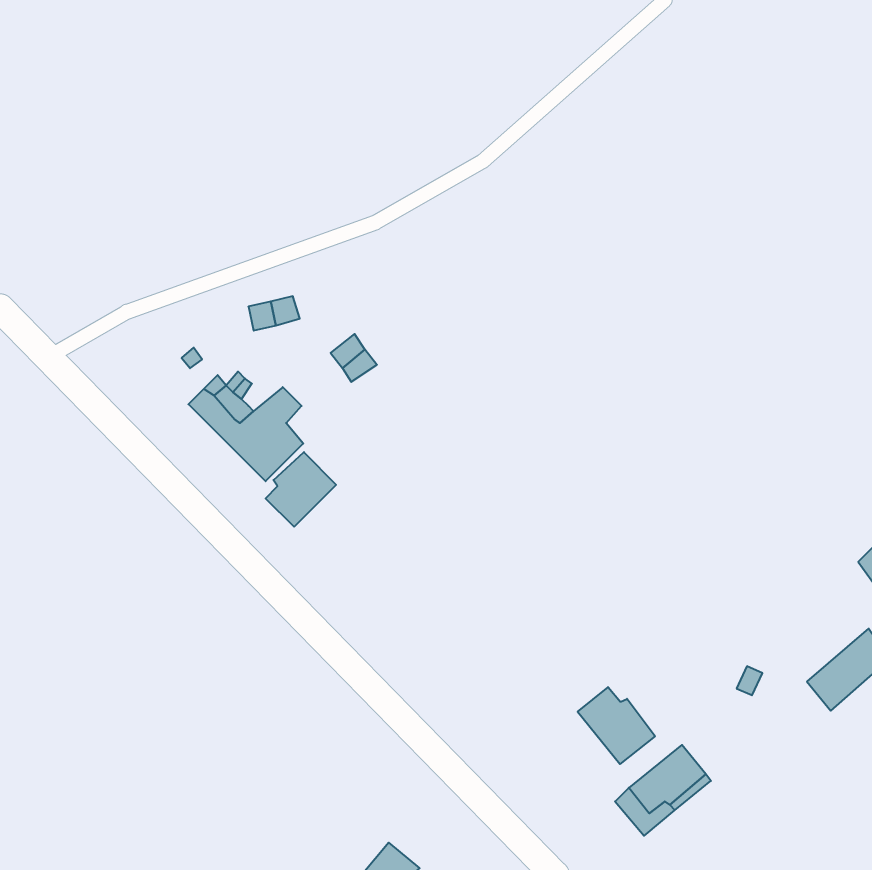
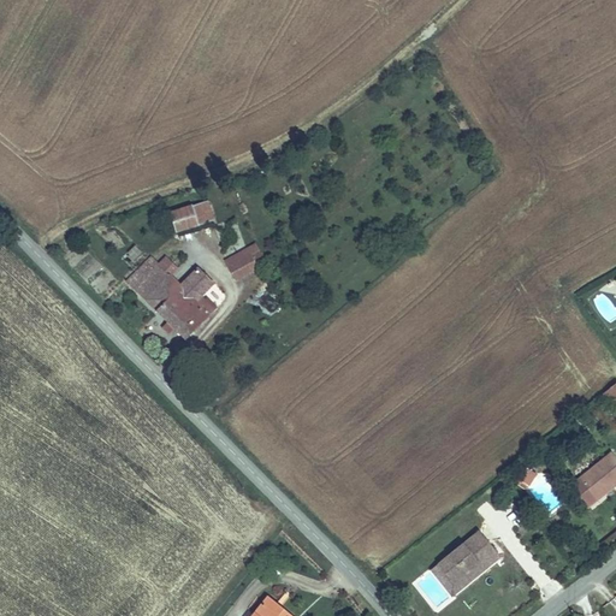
building: [266,452,336,527] -> none
building: [578,687,655,764] -> none

